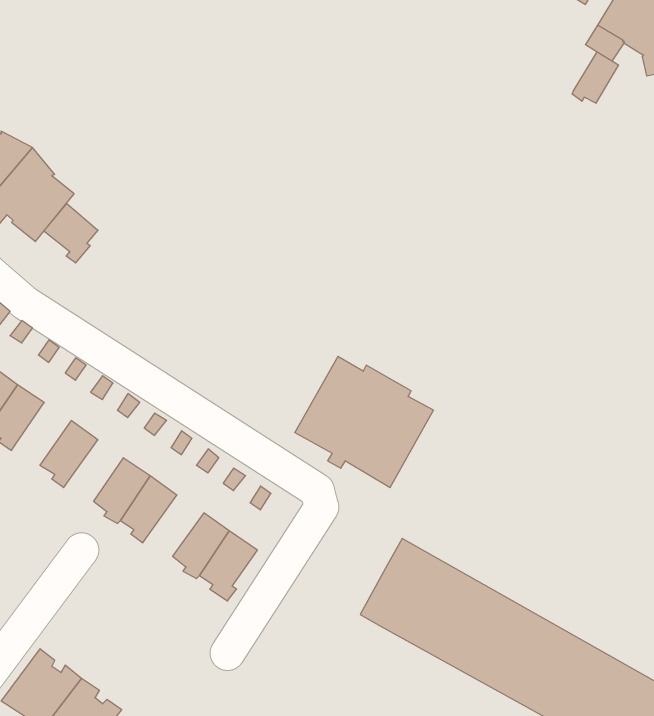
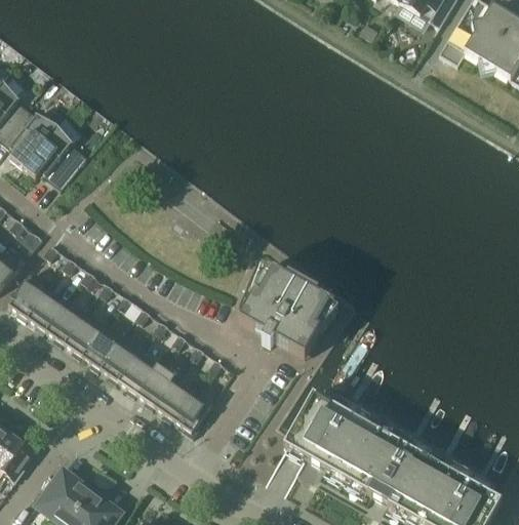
building: [572,52,619,103] -> none
building: [44,204,98,263] -> none
building: none -> [46,299,85,345]
building: none -> [82,325,121,370]
building: none -> [136,363,176,408]

